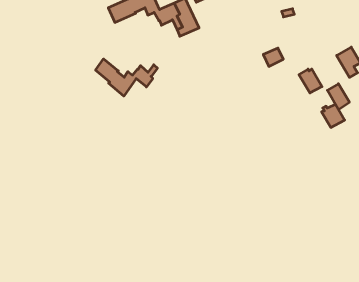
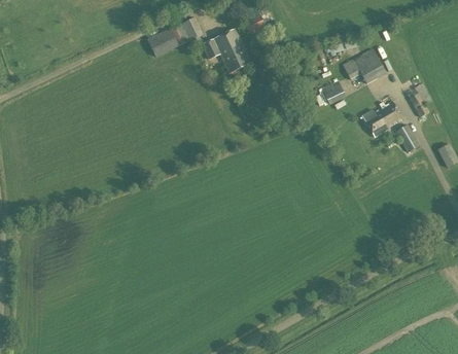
building: none -> [342,48,385,84]
building: [96,59,157,96] -> none
building: [322,104,345,127] -> [377,100,402,126]

